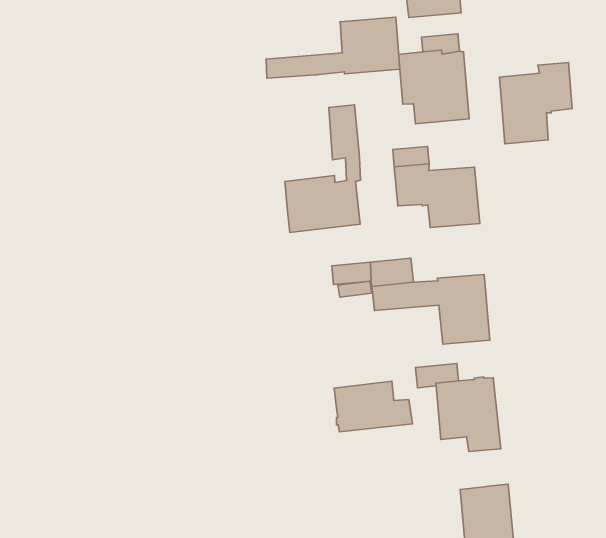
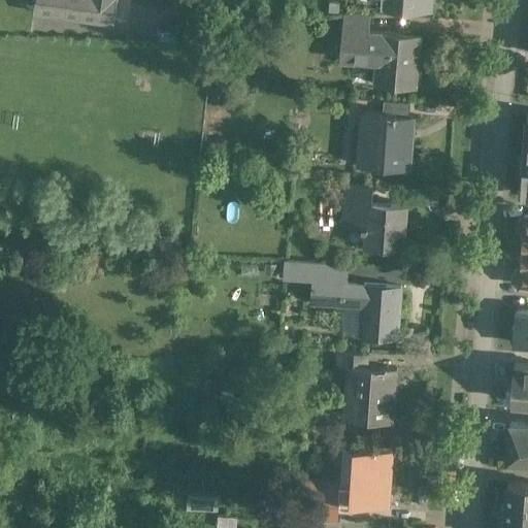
building: [266,17,400,78] -> none
building: [500,63,572,144] -> none
building: [285,105,361,232] -> none
building: [334,381,412,432] -> none

